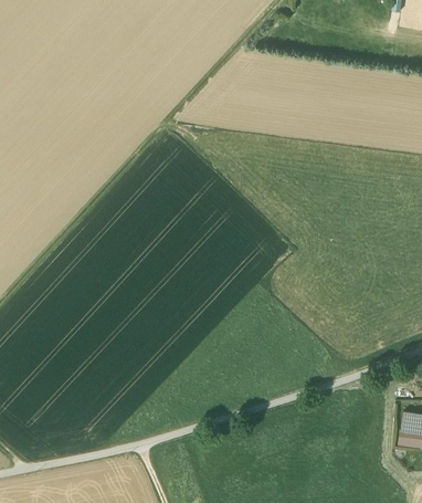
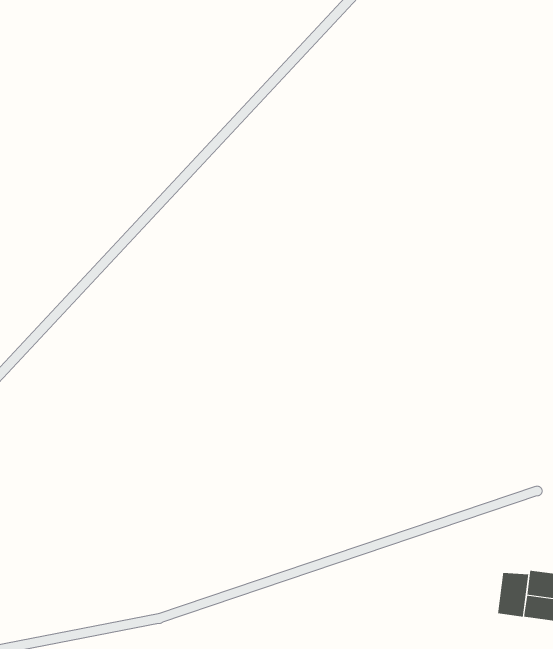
building: none -> [497,572,529,618]

